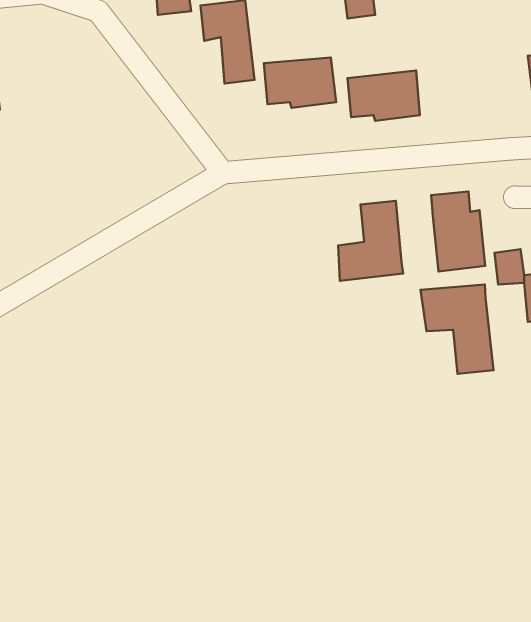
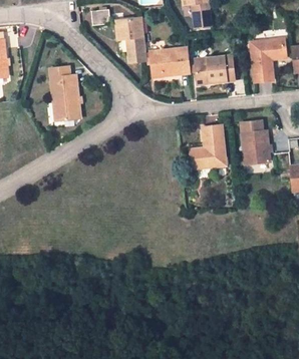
building: none -> [250,38,285,81]
building: none -> [49,66,79,119]
building: [421,284,494,374] -> none

